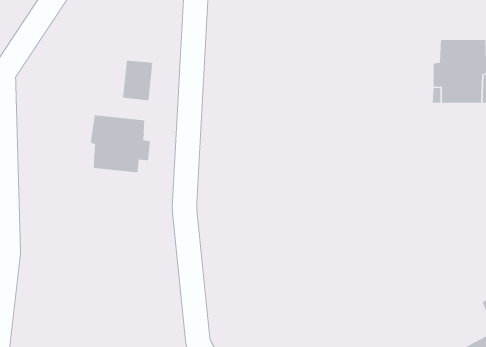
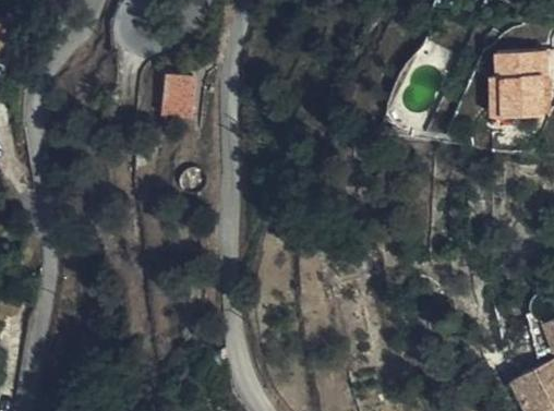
building: [90,115,151,173] -> none

